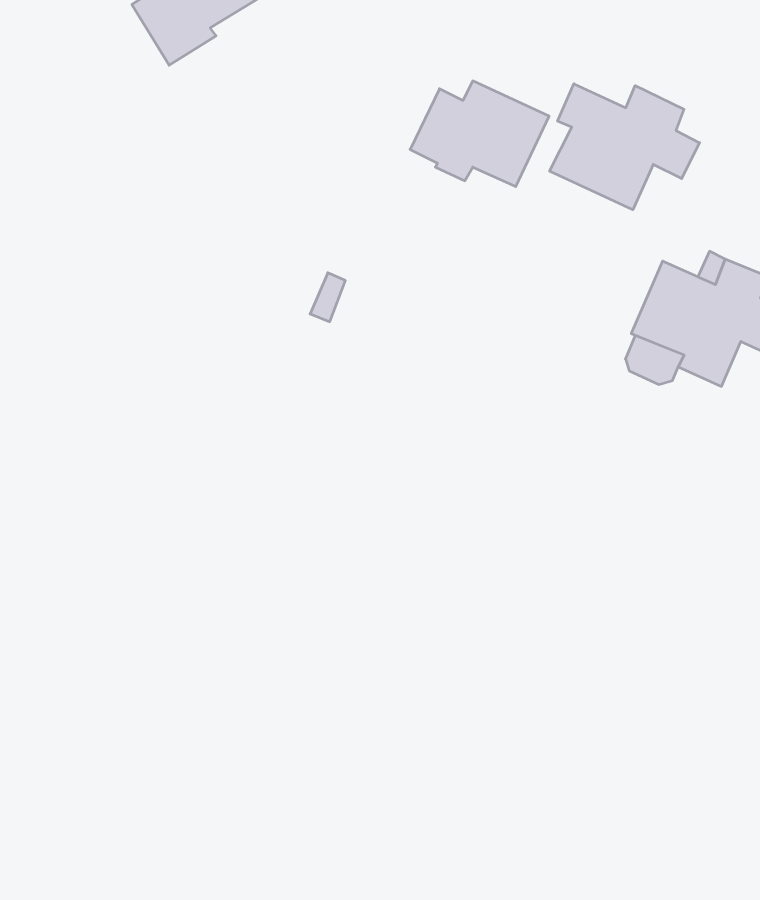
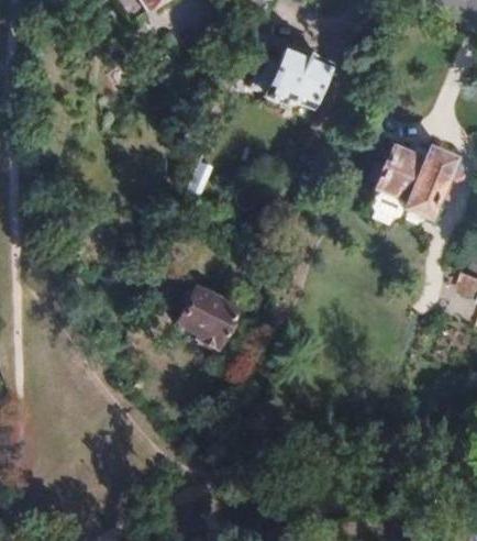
building: [550,84,700,210] -> none
building: none -> [179,287,239,347]

